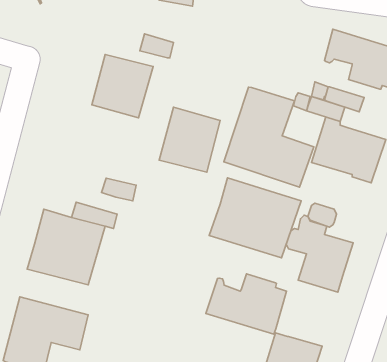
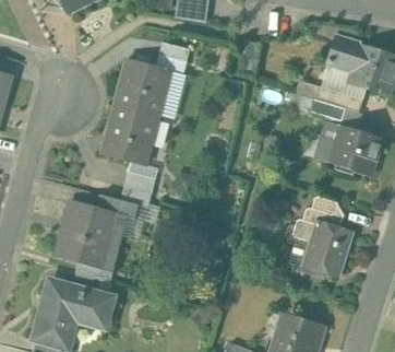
building: [224,87,314,187] -> none
building: [159,107,220,172] -> [101,106,157,165]
building: [209,178,301,258] -> none
building: [206,274,286,334] -> none

